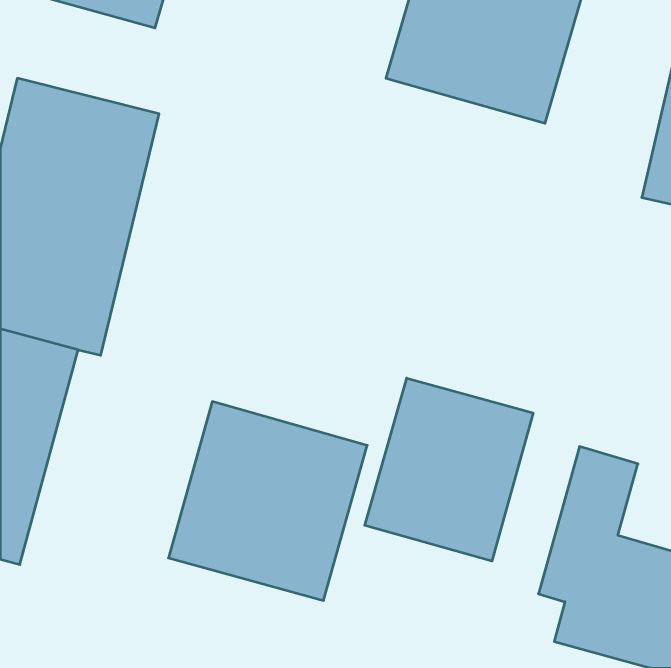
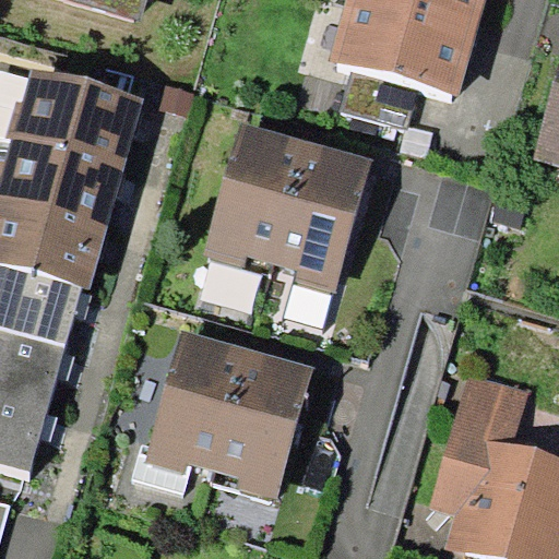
building: none -> [203,126,365,290]
building: [365,378,533,561] -> none

